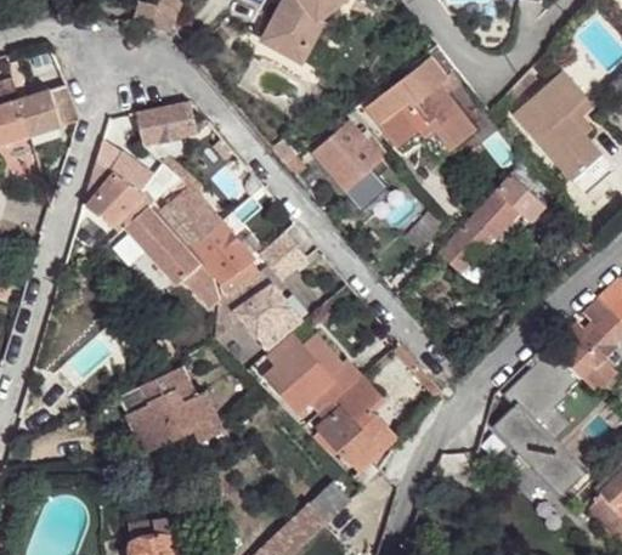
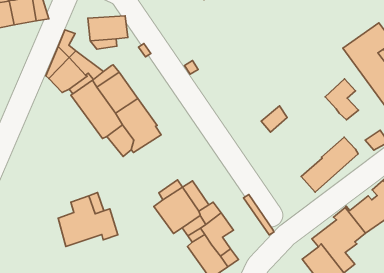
building: [368,58,477,164] -> none
building: [312,121,390,210] -> none
building: [440,188,520,273] -> [301,137,358,192]
building: [215,232,307,351] -> none

